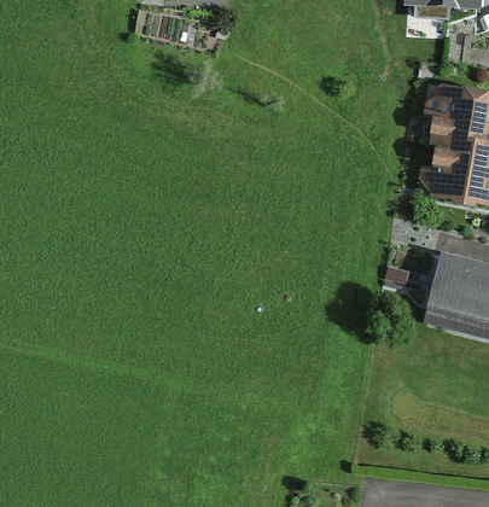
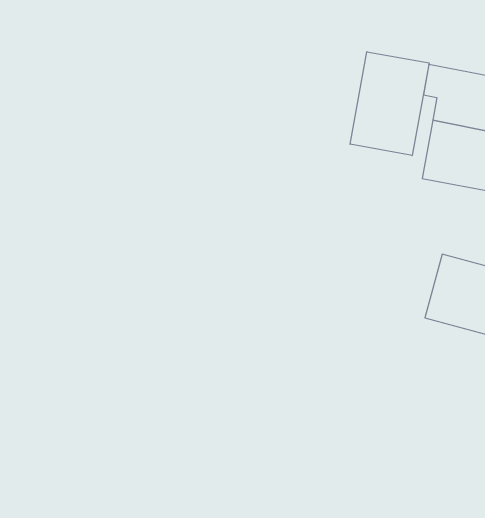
building: none -> [350,52,429,156]

